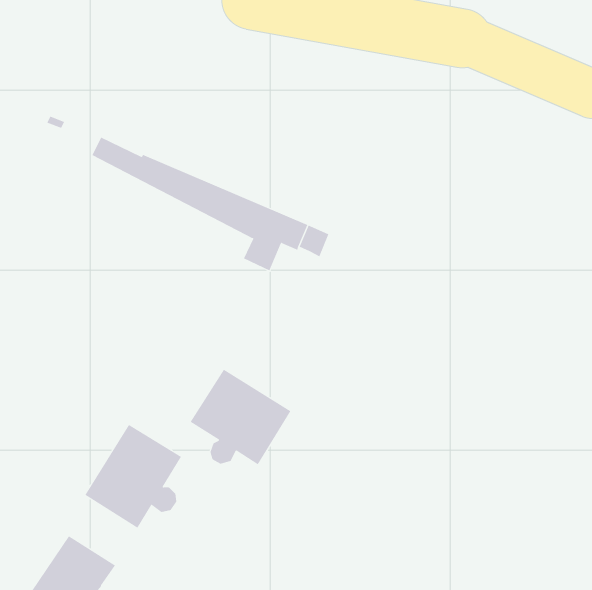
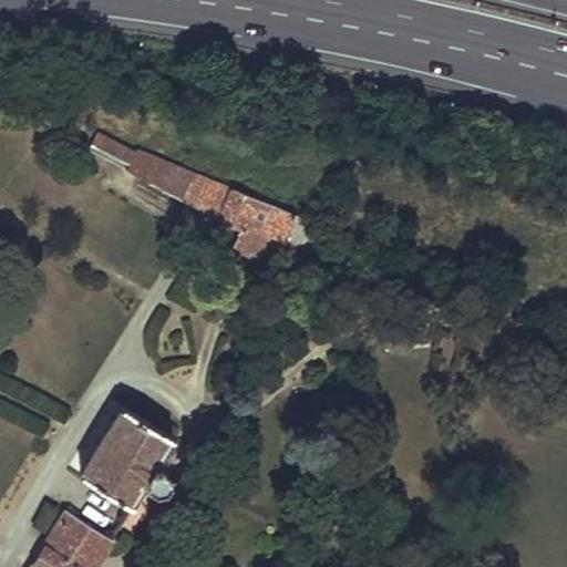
building: [190,369,291,465] -> none

